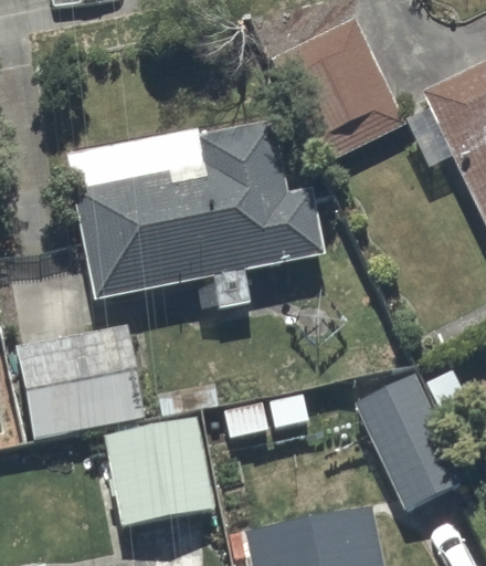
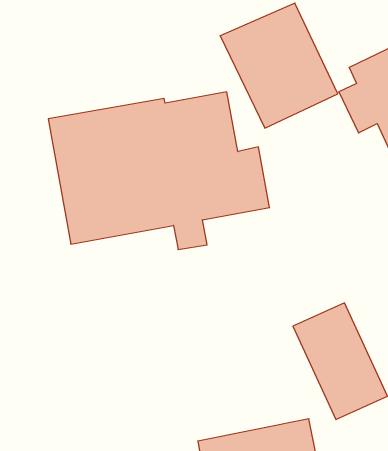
building: [13,325,145,438] -> none
building: [102,415,215,525] -> none

